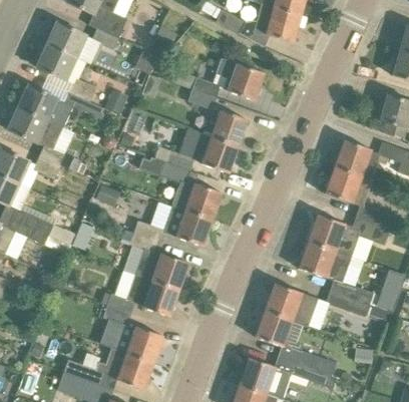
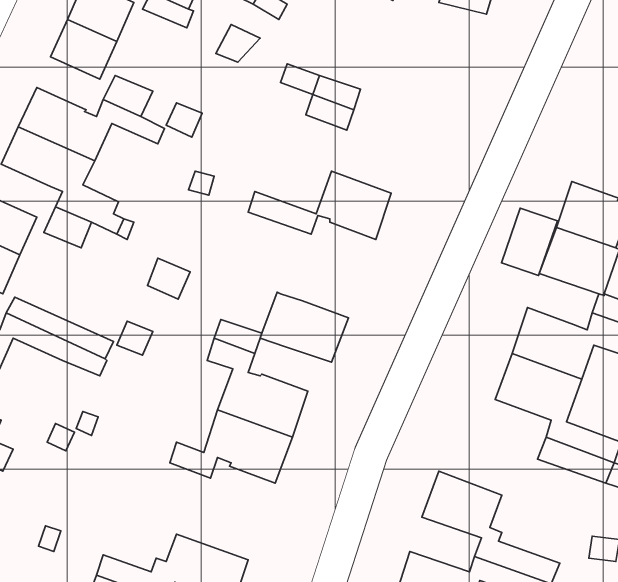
building: [215,58,264,100] -> none
building: [210,109,247,146] -> none
building: none -> [502,208,557,275]
building: [145,156,221,220] -> none
building: [265,284,316,325] -> none
building: [98,305,162,362] -> none

